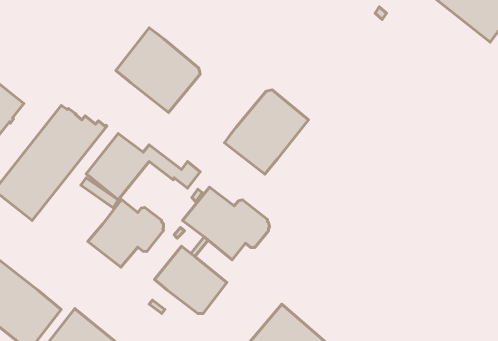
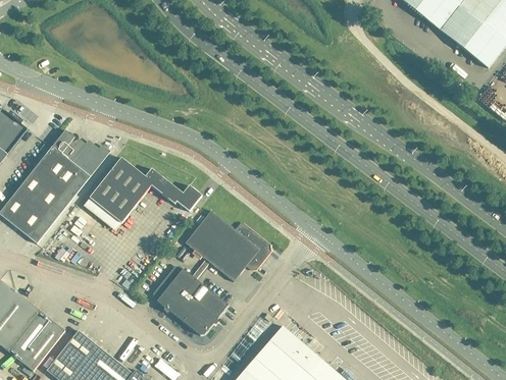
building: [116,28,200,112] -> none
building: [224,90,308,174] -> none
building: [88,200,164,267] -> none

